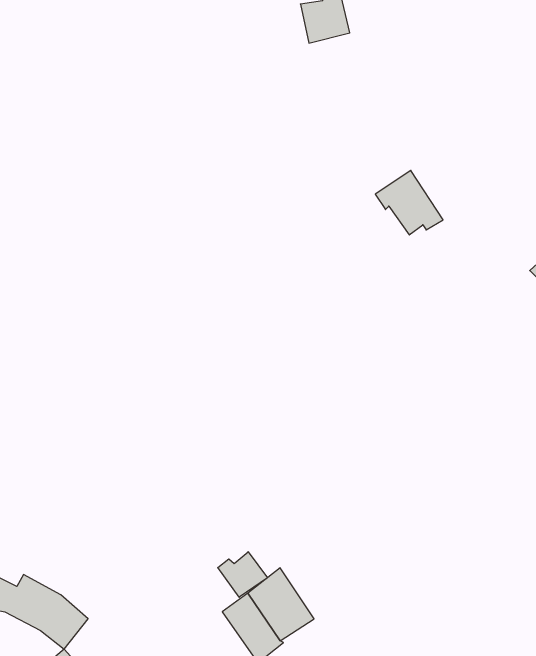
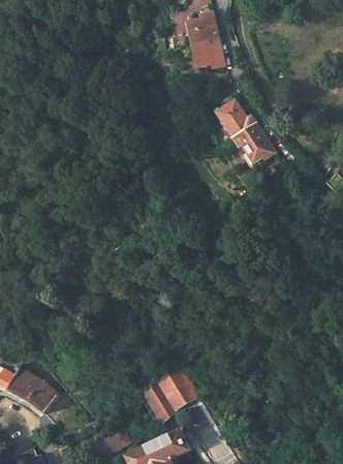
building: none -> [190,38,221,68]
building: none -> [214,99,252,136]
building: [218,552,267,597] -> none

